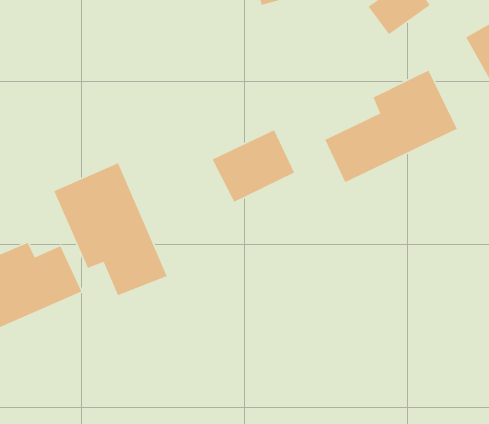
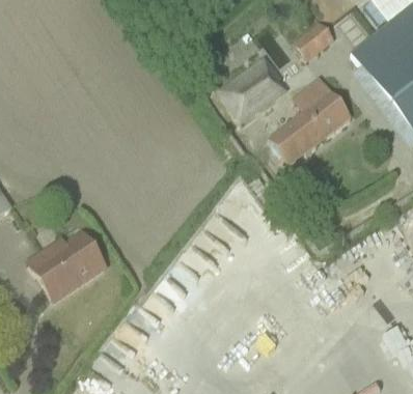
building: [212,129,295,203] -> [223,59,282,114]
building: [53,162,168,296] -> none

